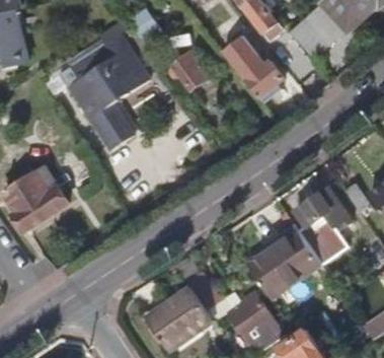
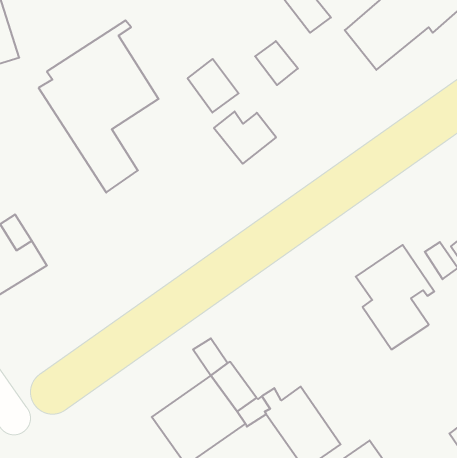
building: [235,58,281,96] -> [214,111,276,164]
building: [244,227,319,298] -> none

